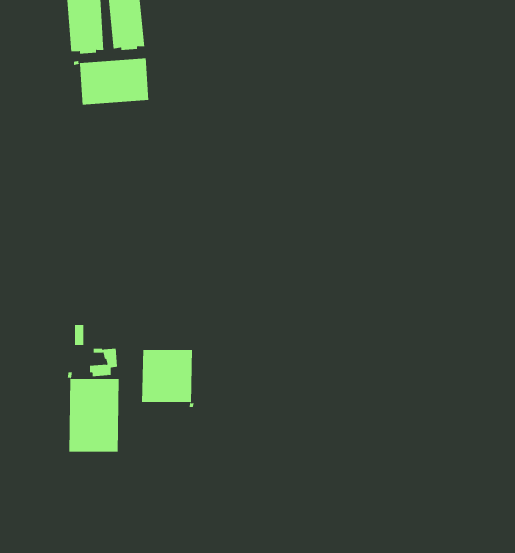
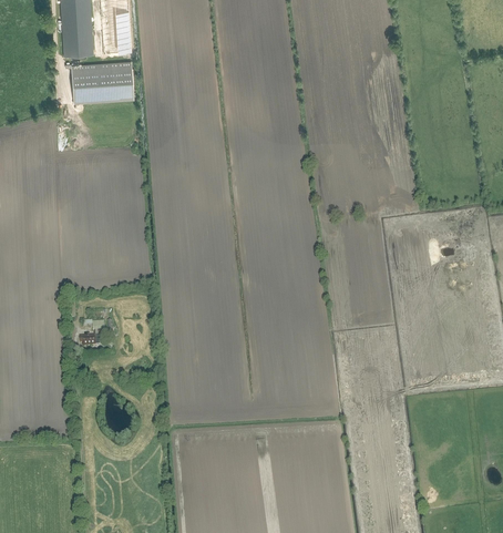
building: [142,349,194,408] -> none
building: [67,371,119,453] -> none

